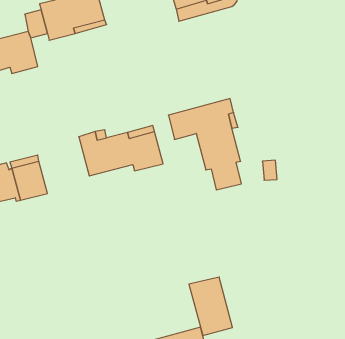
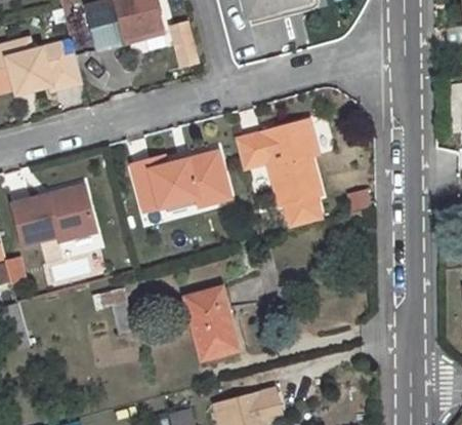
building: [189,277,232,335] -> [184,289,236,358]

